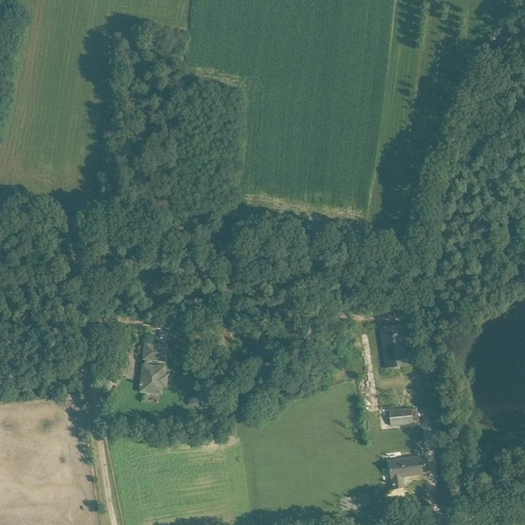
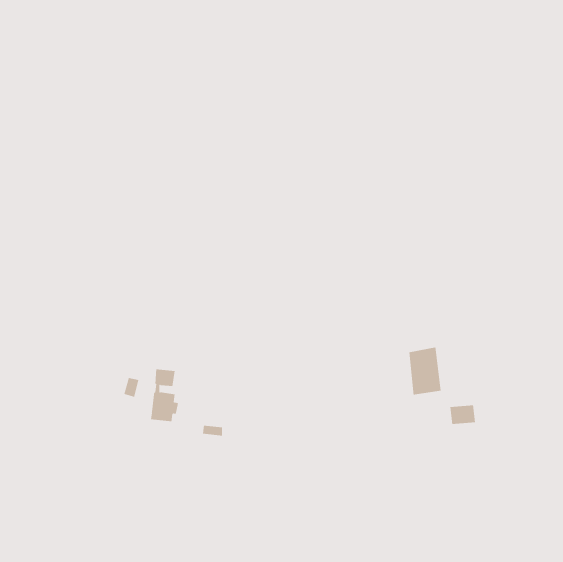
building: [388,406,412,425] -> [449,405,476,425]
building: [388,455,426,487] -> none

